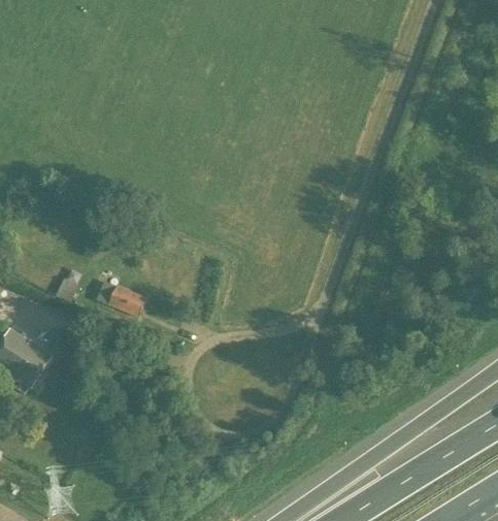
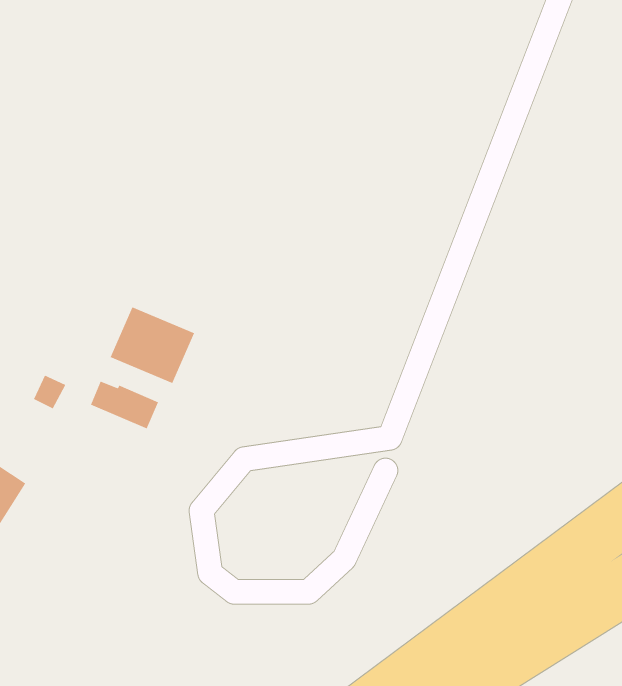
building: none -> [110,306,195,384]

